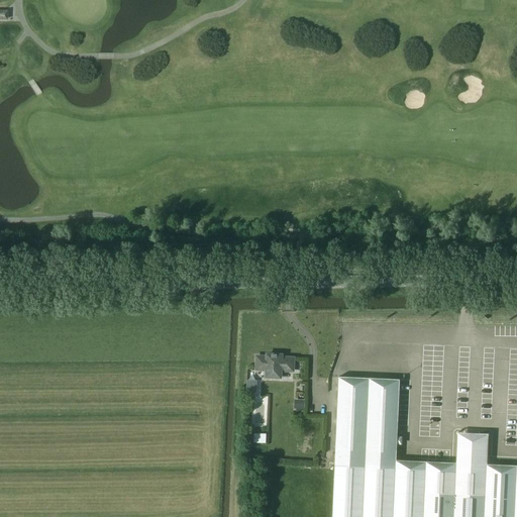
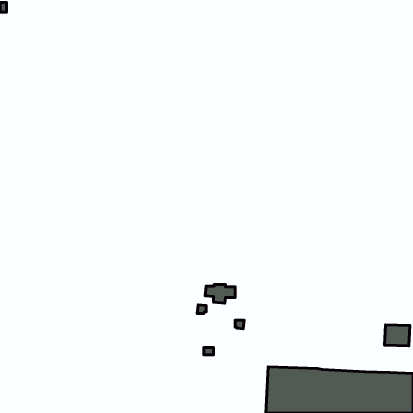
building: [335,378,400,460] -> none
building: [456,439,488,466] -> [385,325,410,346]

